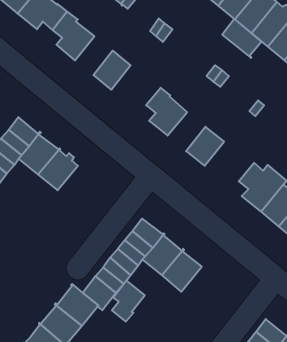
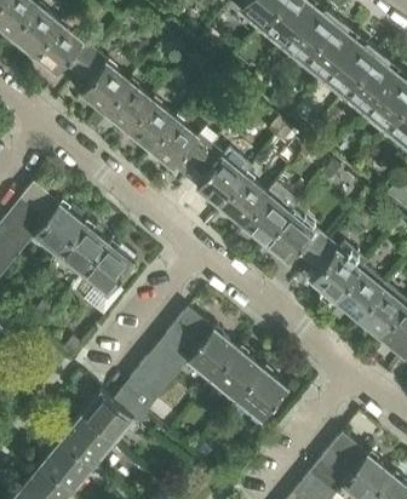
building: [222,19,262,58] -> none
building: none -> [104,84,151,132]
building: none -> [149,120,211,170]
building: none -> [219,178,266,226]
building: none -> [265,214,327,264]
building: none -> [82,242,136,319]
building: none -> [236,368,290,423]
building: [112,281,145,322] -> none

